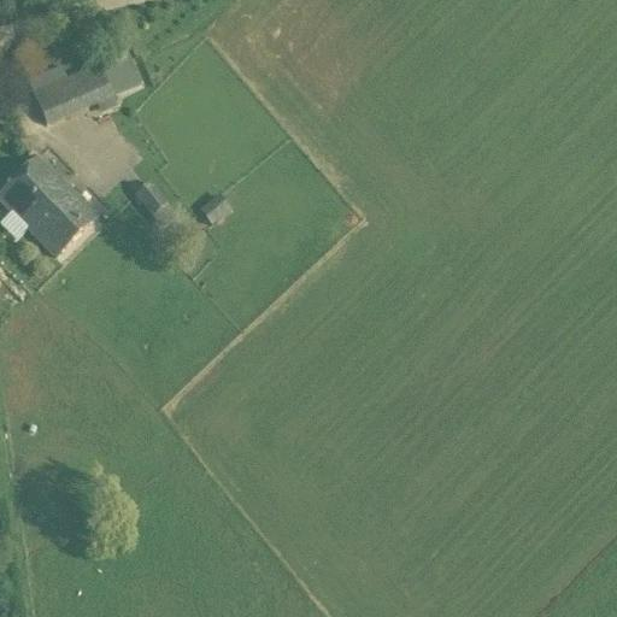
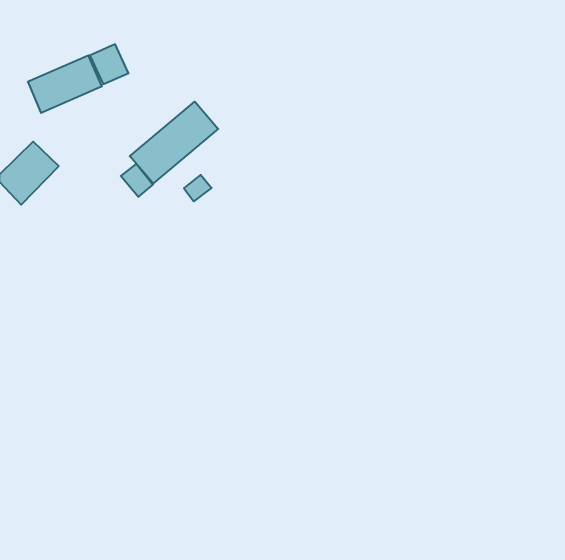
building: none -> [130,102,218,184]
building: [23,181,95,254] -> none

